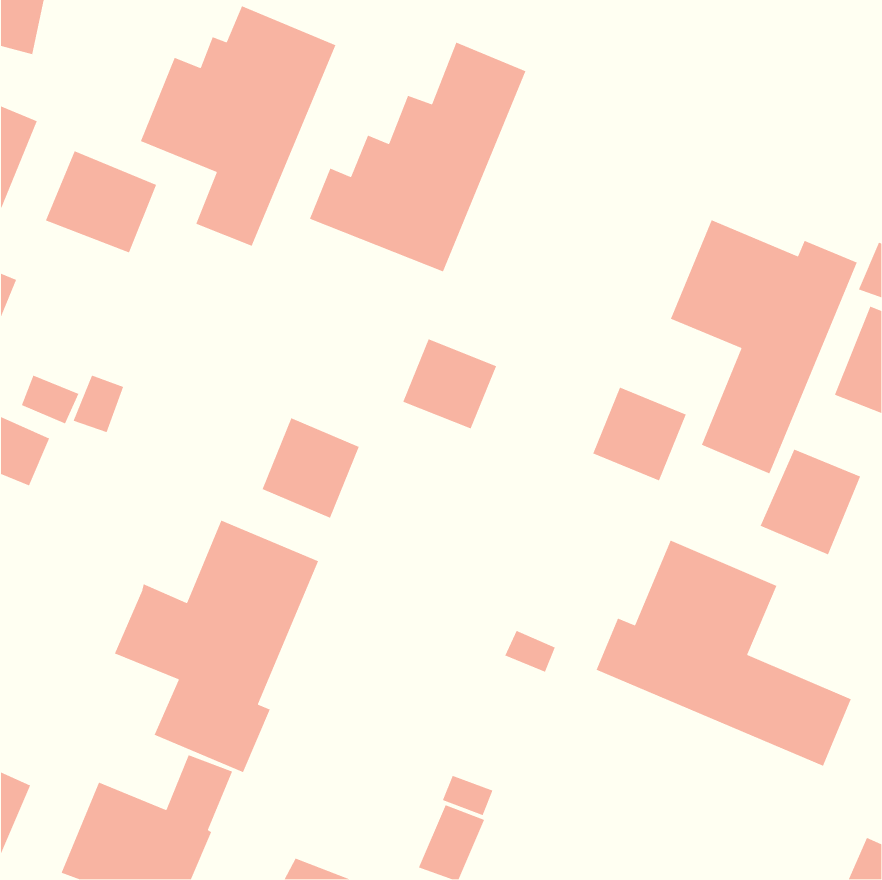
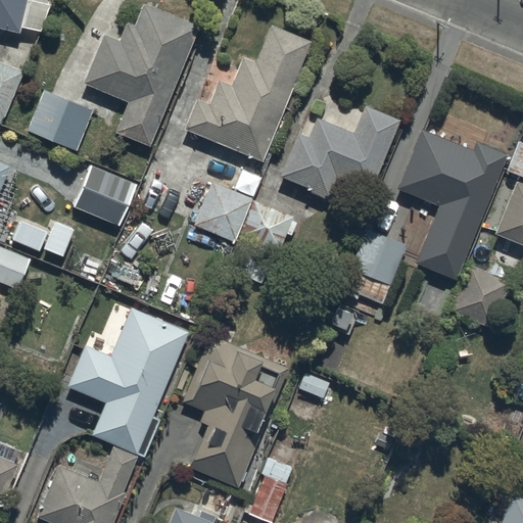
building: none -> [280,105,400,197]
building: none -> [73,165,136,226]
building: [261,417,360,519] -> [193,182,251,242]
building: [596,540,852,767] -> none
building: none -> [182,334,289,488]

